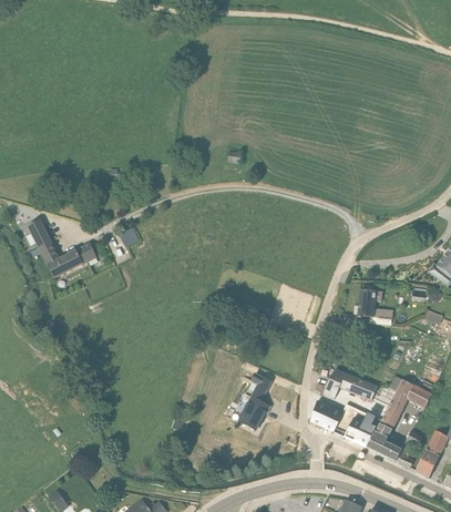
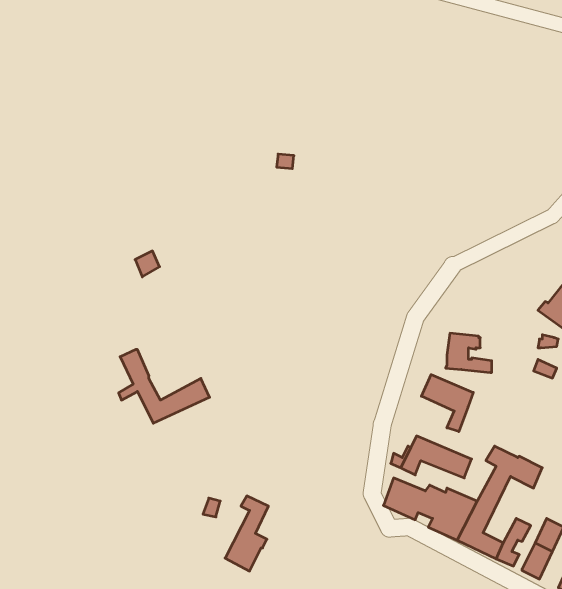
building: [25,219,95,276] -> [119,350,210,423]
building: none -> [421,375,473,432]
building: [237,372,270,430] -> [225,496,268,571]

